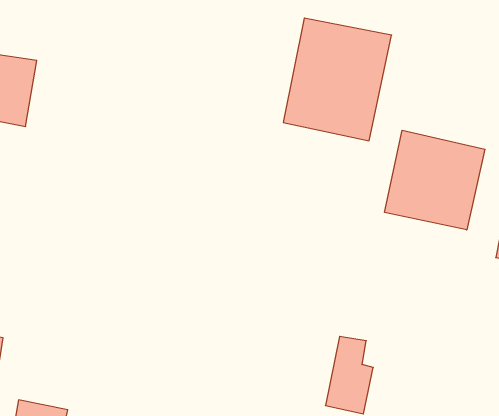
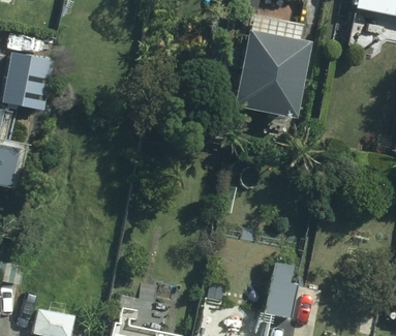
building: [385,130,485,230] -> none

